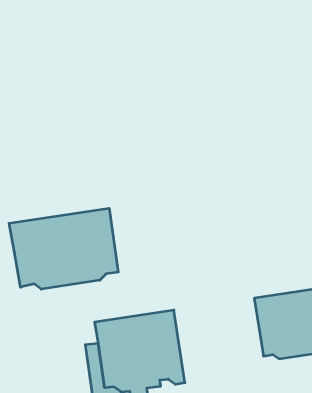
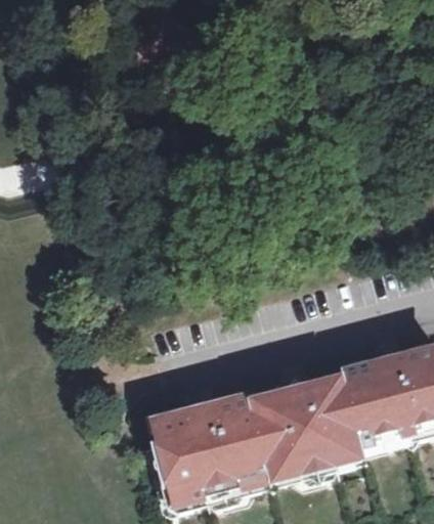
building: [9,208,118,289] -> none
building: none -> [252,367,370,478]

